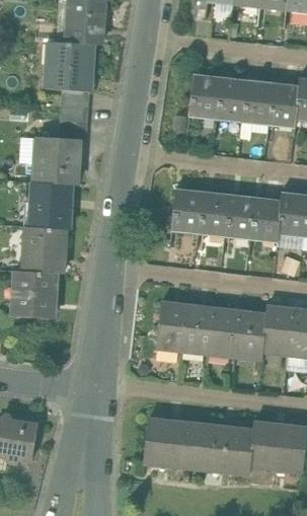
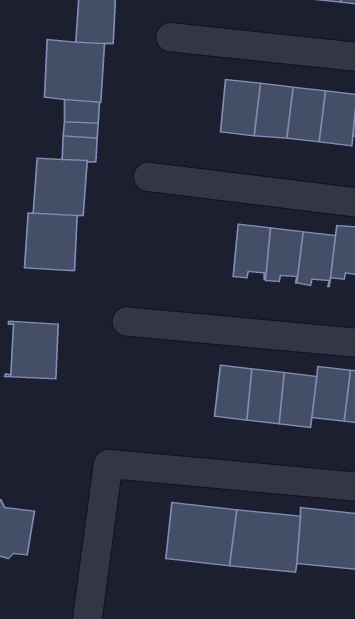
building: [171,189,203,234] -> none
building: [20,226,66,274] -> none
building: [157,303,188,348] -> none

